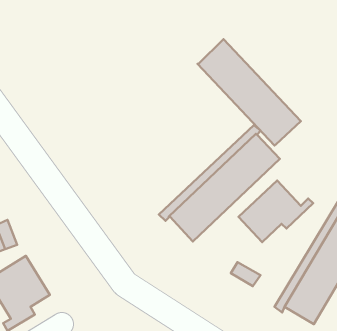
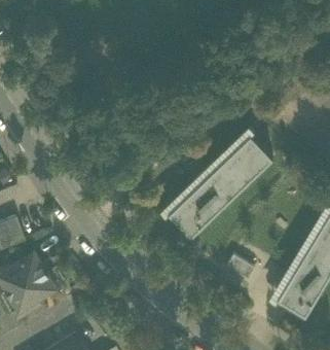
building: [197,39,301,146] -> none
building: [238,180,313,242] -> none

